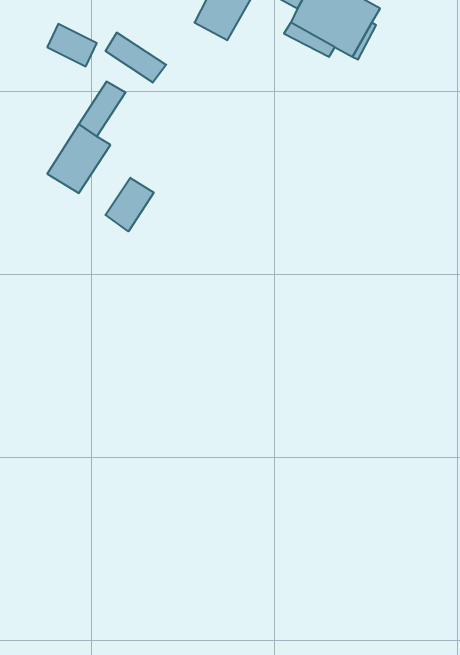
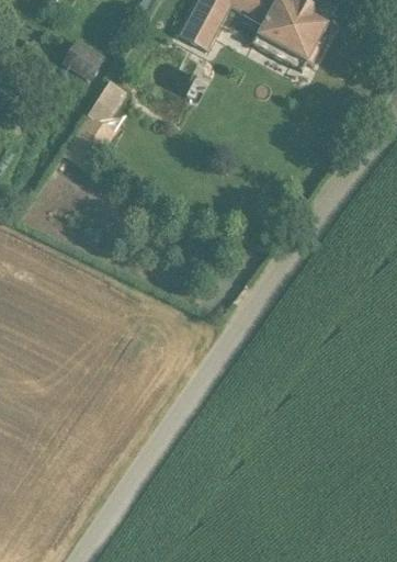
building: [106,32,166,83] -> none
building: [105,178,154,231] -> none

